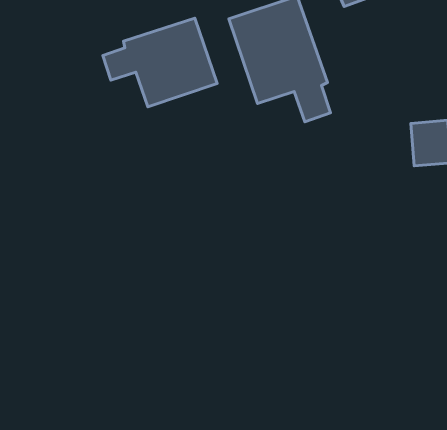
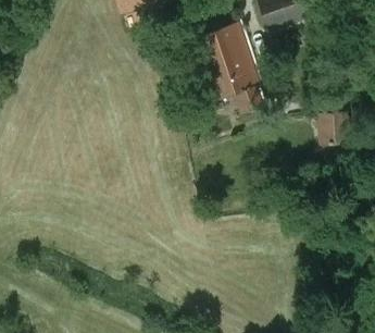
building: [103,18,217,107] -> none

